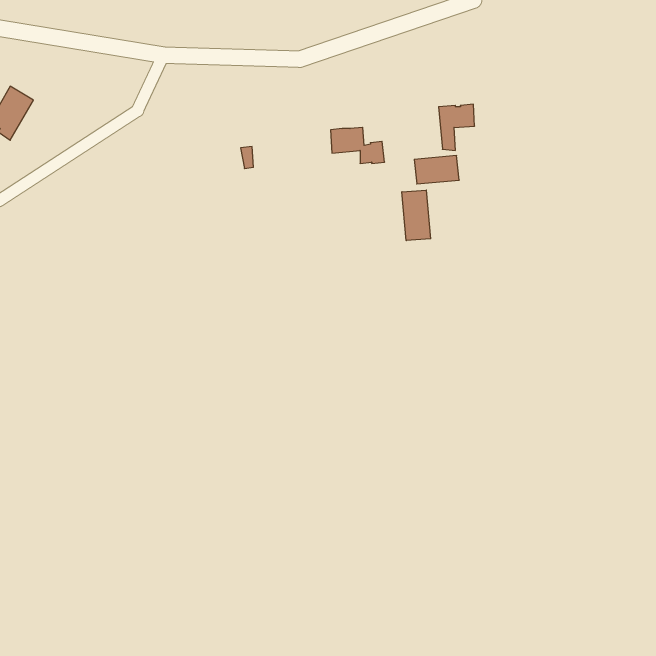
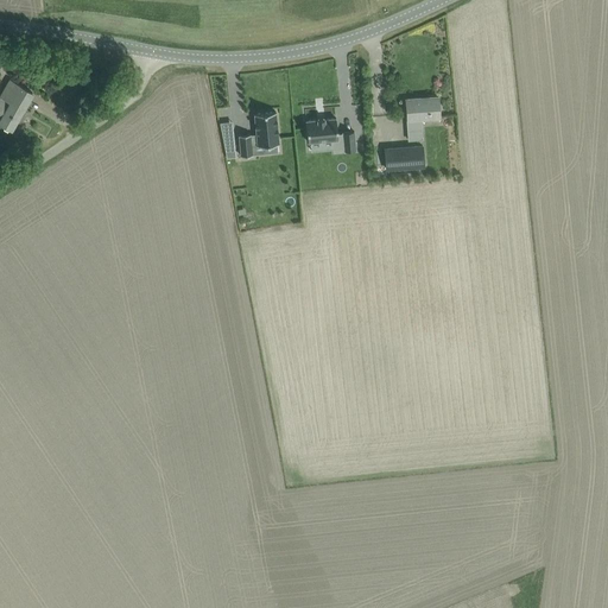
building: none -> [239,113,278,157]
building: [402,190,431,241] -> none

